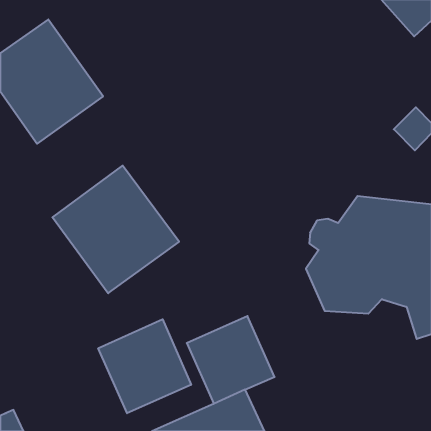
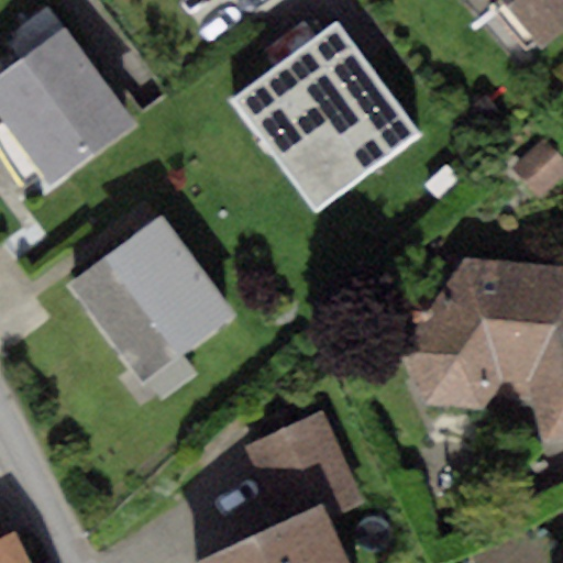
building: none -> [235,25,420,211]
building: [98,319,191,413] -> none

